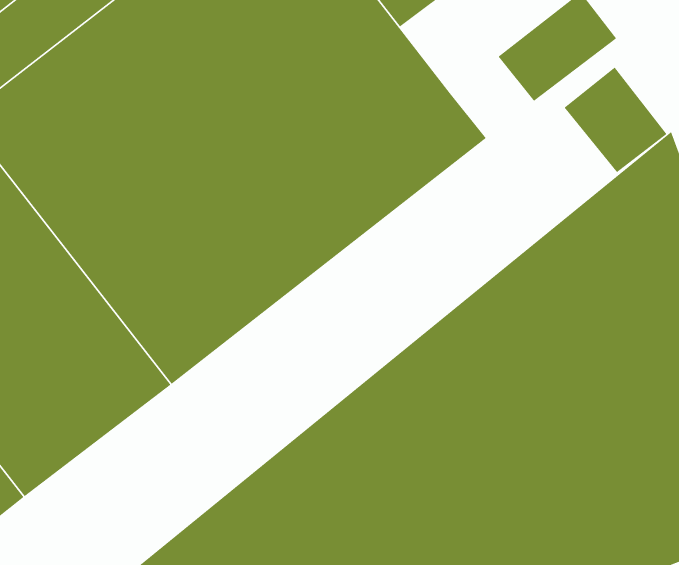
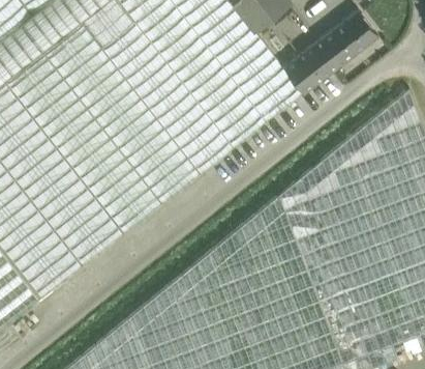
building: none -> [283,46,331,92]
building: [563,67,668,173] -> none

